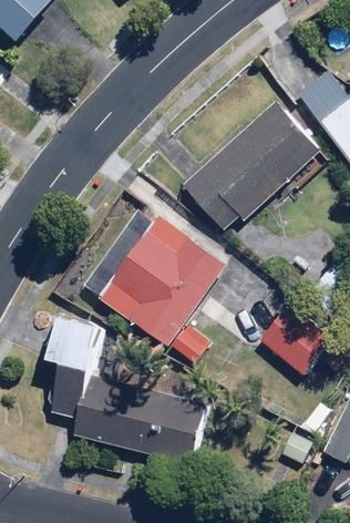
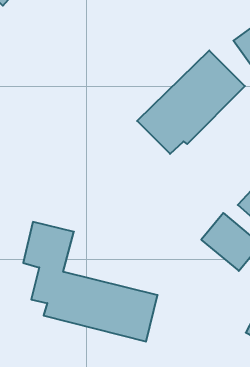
building: [99,215,227,348] -> none

